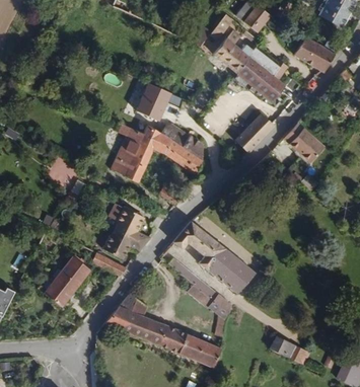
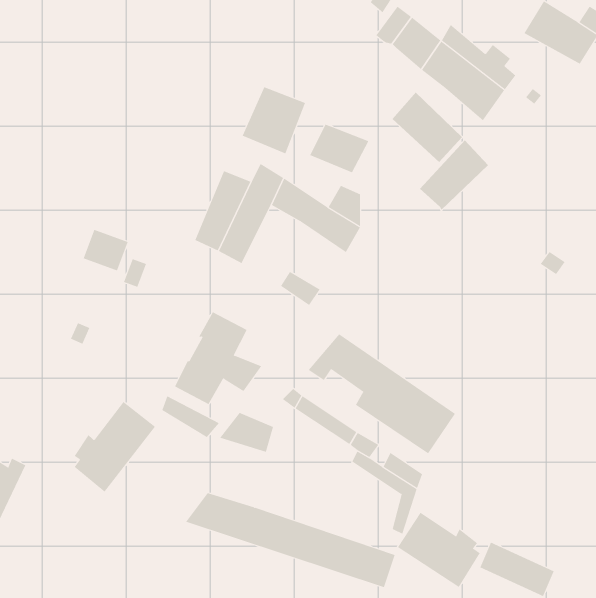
building: none -> [310,124,369,173]
building: [283,124,322,163] -> [392,91,463,163]
building: [118,295,148,317] -> [219,412,274,453]
building: none -> [397,512,480,588]

